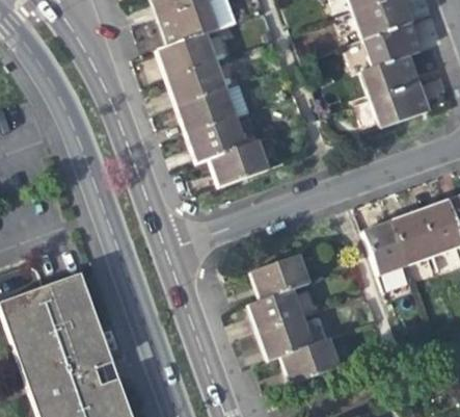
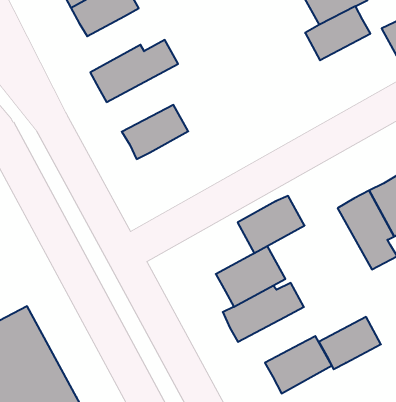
building: [157,33,215,78] -> none
building: [370,81,428,127] -> none
building: [178,82,255,134] -> none
building: [209,139,267,185] -> [238,196,305,253]
building: [261,318,315,360] -> [319,317,381,369]

